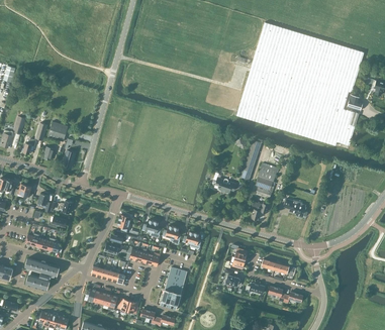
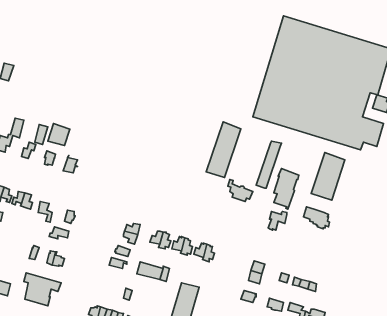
building: none -> [206,122,241,178]
building: none -> [311,152,345,200]

